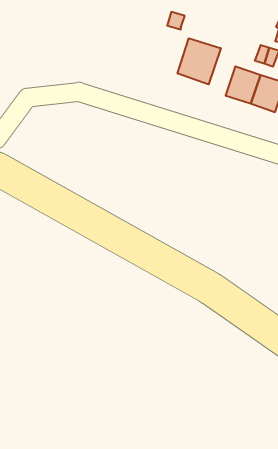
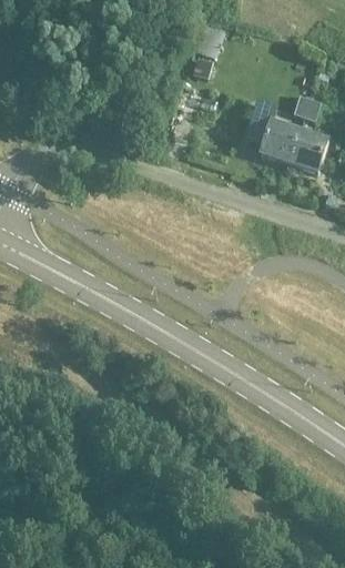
building: [178,38,221,84] -> none

